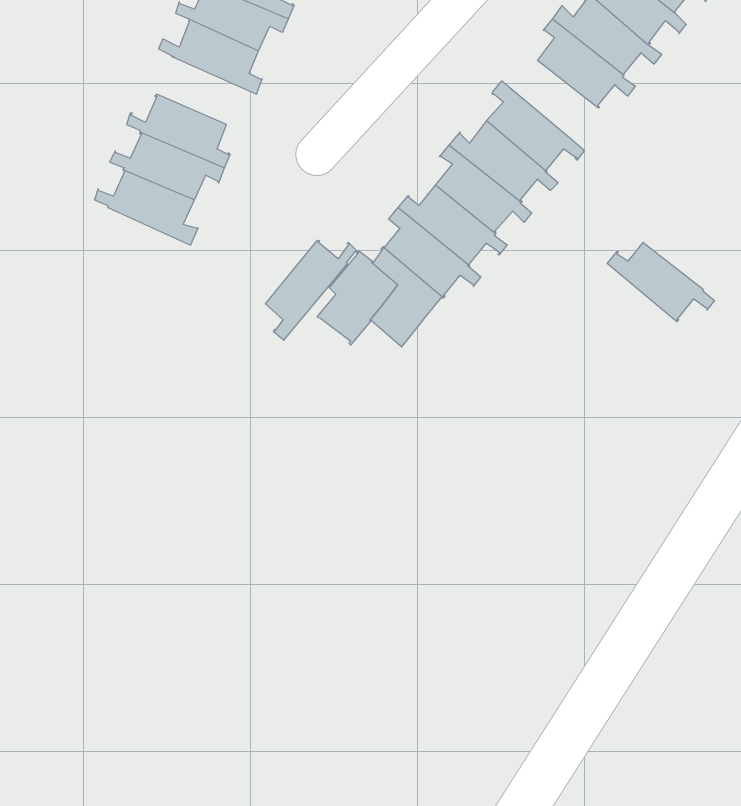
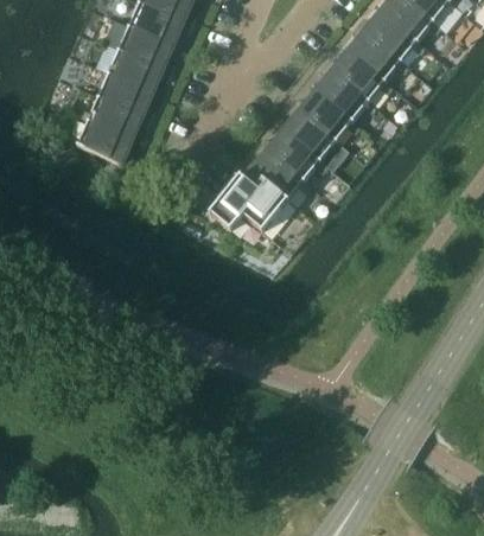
building: none -> [98,47,171,90]
building: [265,240,356,340] -> none
building: [607,242,715,322] -> [325,50,393,100]

